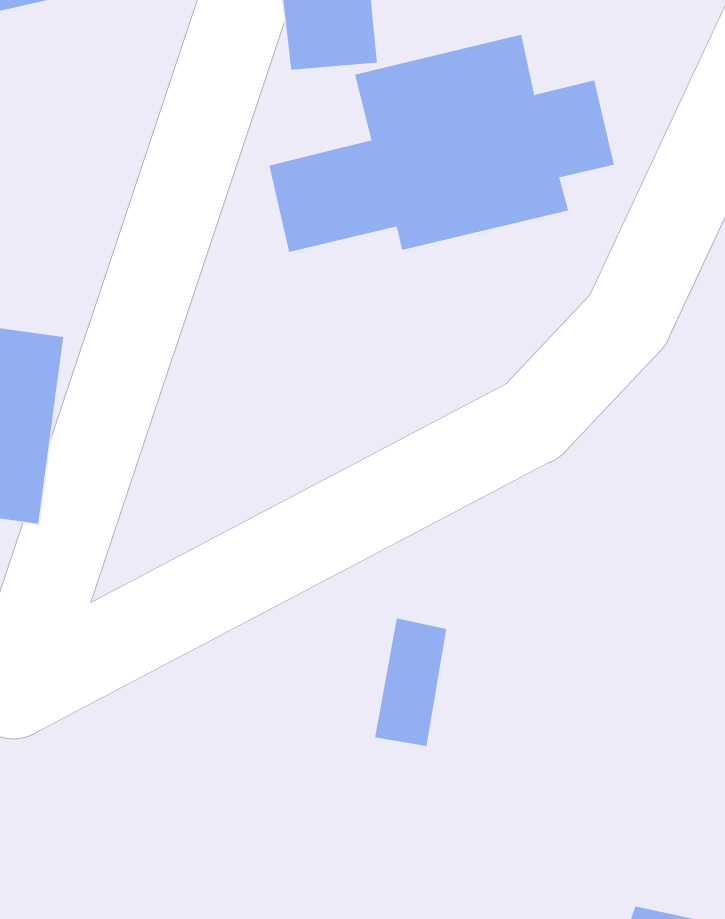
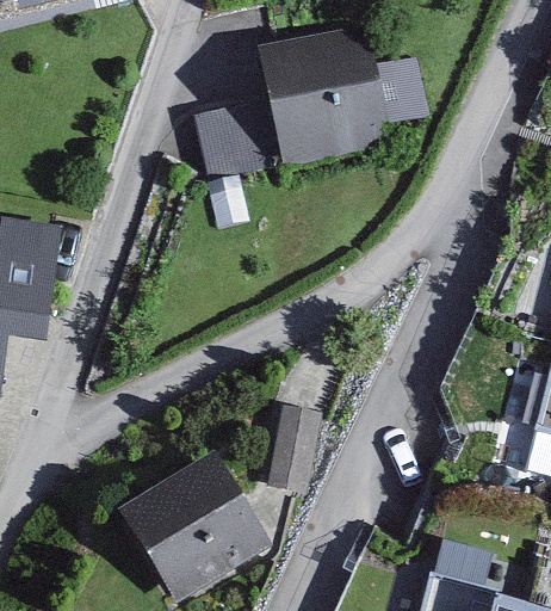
building: none -> [118,453,265,597]

